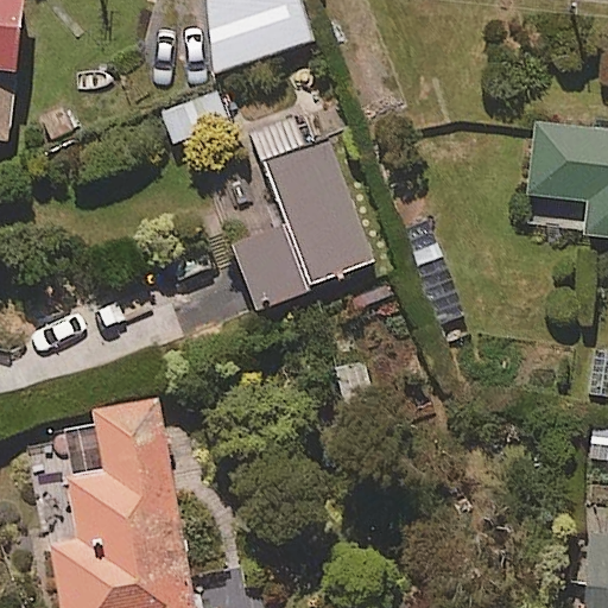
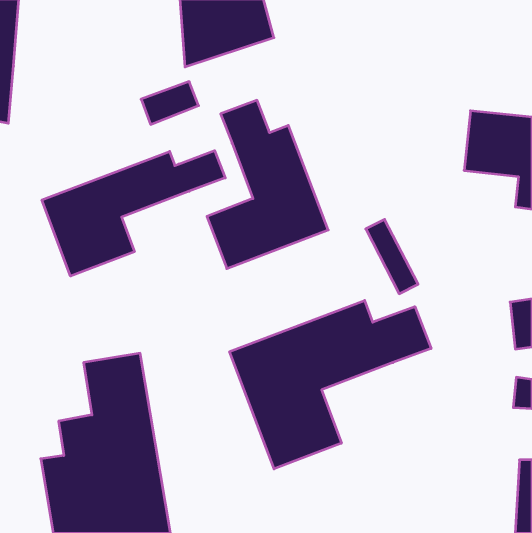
building: none -> [42,151,225,276]
building: none -> [230,300,431,469]

